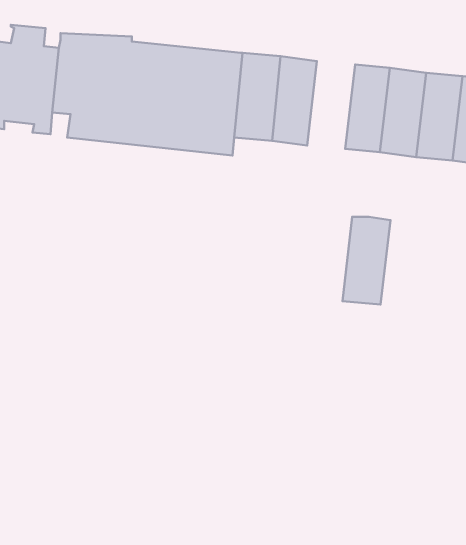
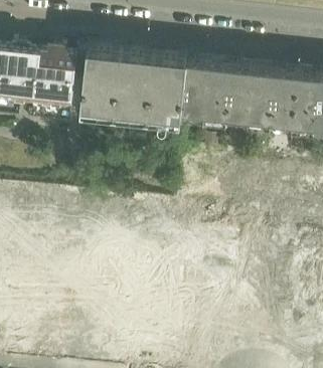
building: [342,217,390,304] -> [212,64,241,118]

